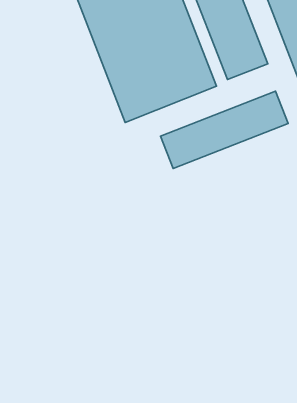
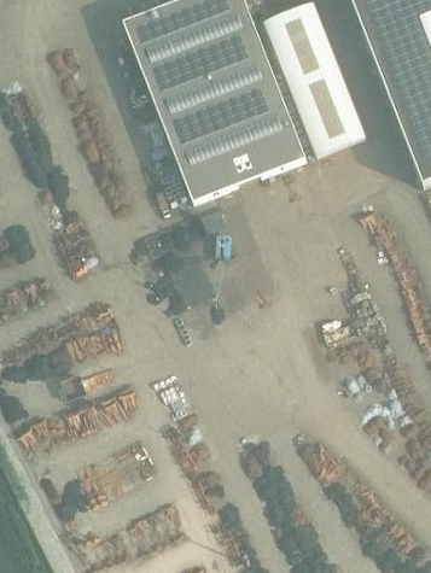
building: [161,91,288,169] -> none

